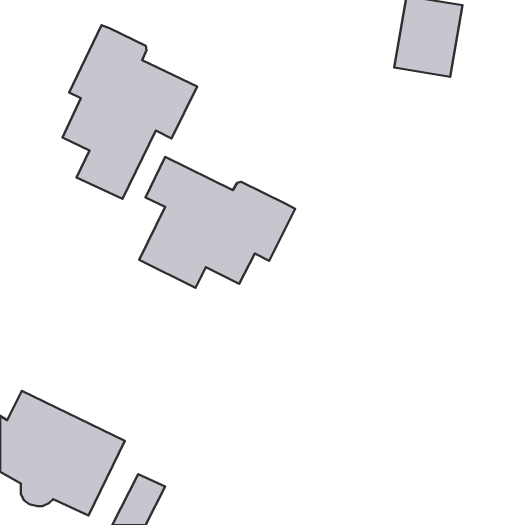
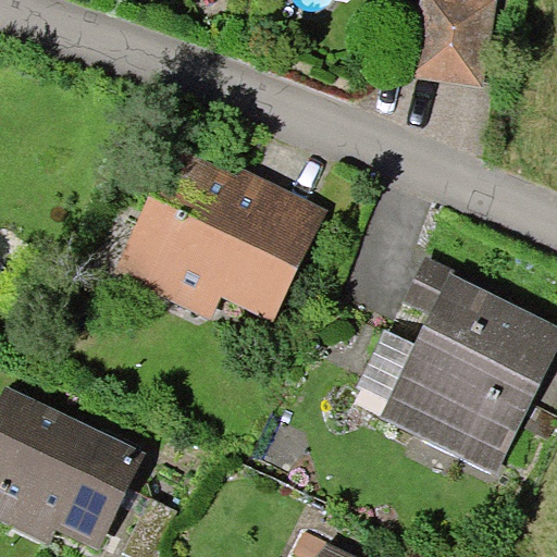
building: [62,25,197,199] -> none
building: none -> [394,265,552,472]

